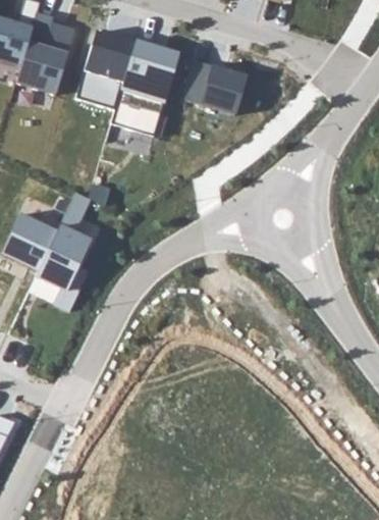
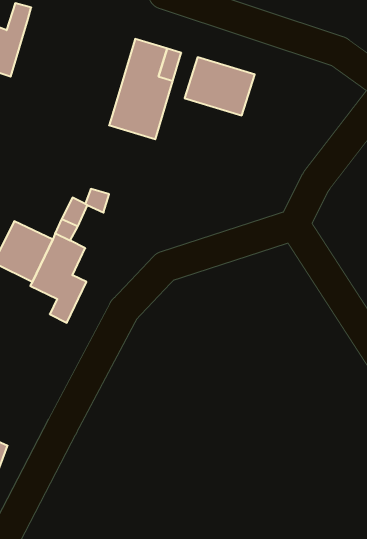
building: [14,21,72,104] -> none
building: [76,31,136,109] -> none

